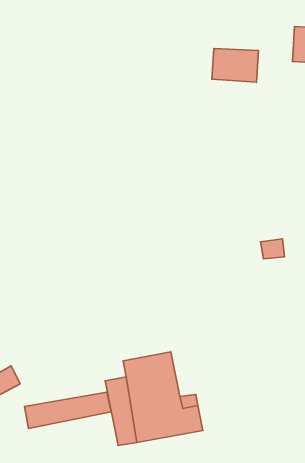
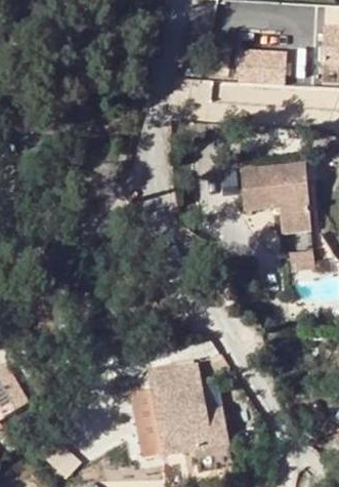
building: none -> [242,164,310,231]
building: [25,392,111,428] -> none

